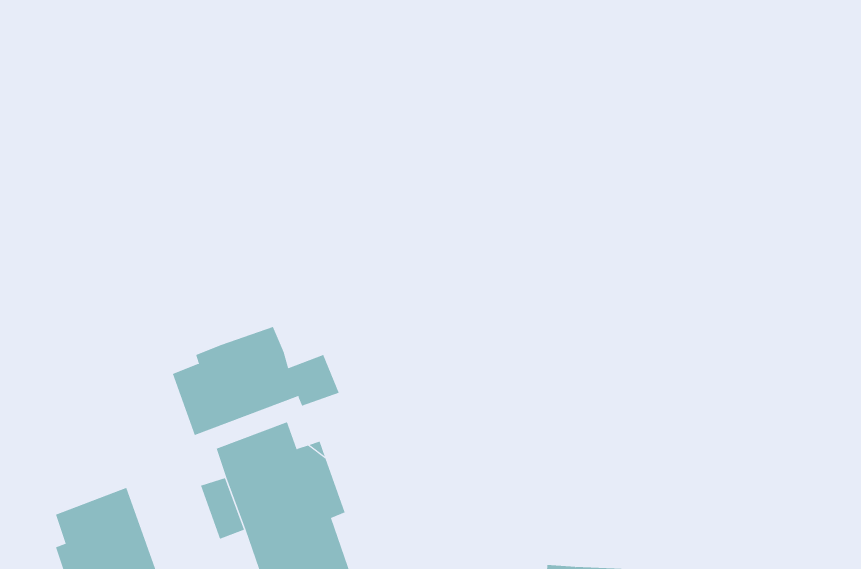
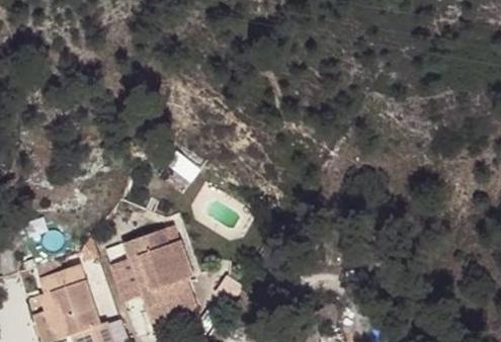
building: [172,326,339,436] -> none

